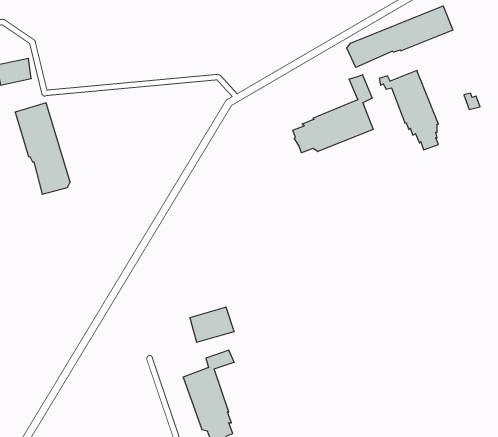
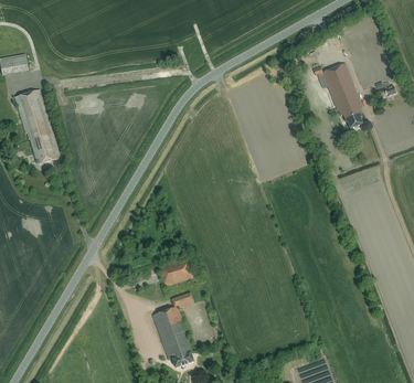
building: [347,6,453,67] -> none
building: [293,75,373,153] -> none

